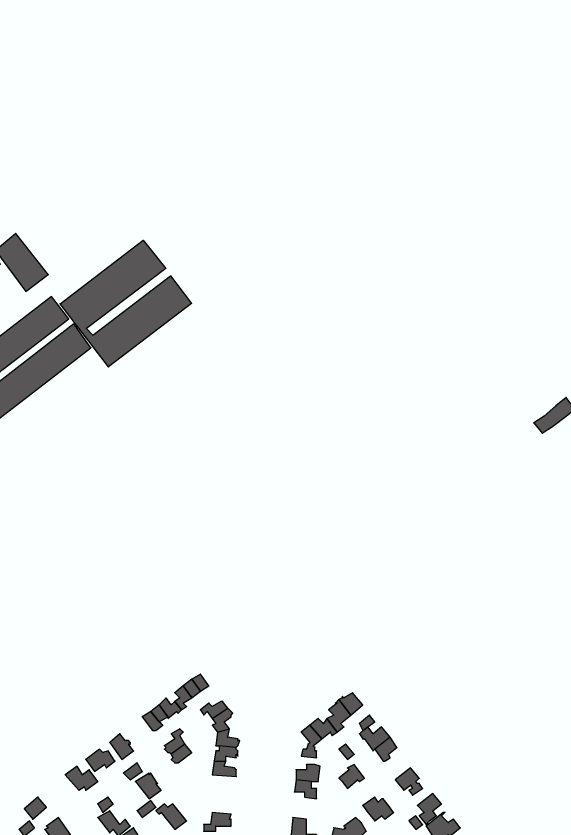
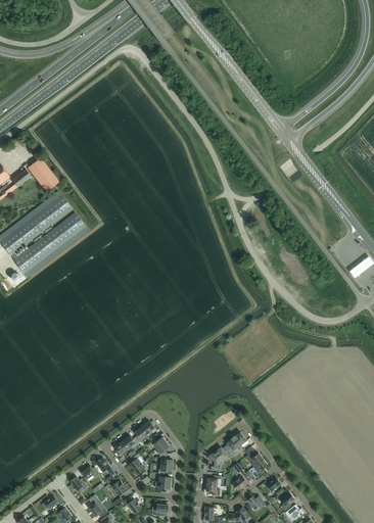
building: [60,240,192,367] -> none

